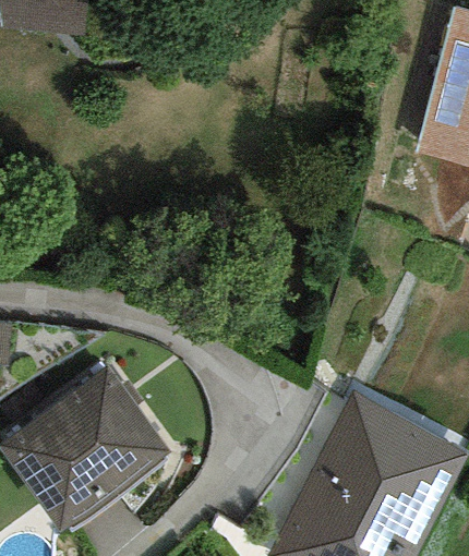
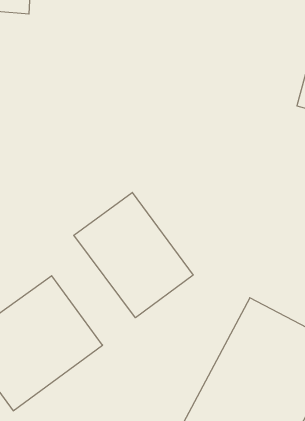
building: none -> [74,192,193,318]

